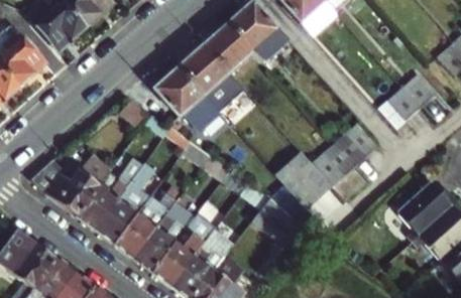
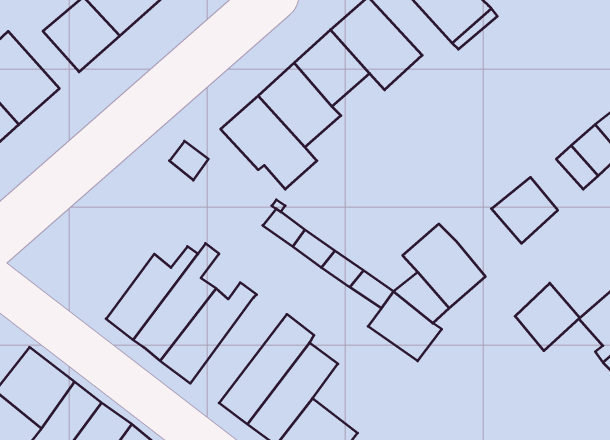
building: [312,141,355,186] -> [515,283,580,351]
building: [28,155,110,214] -> none
building: [133,200,195,271] -> none

